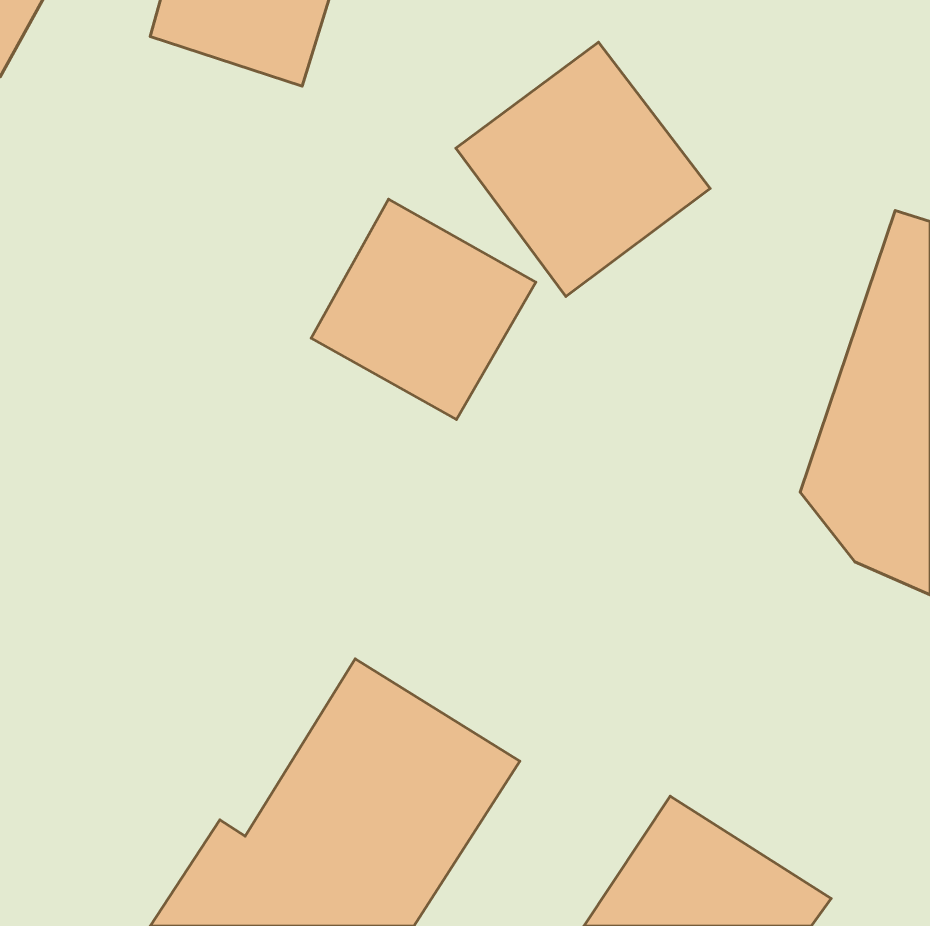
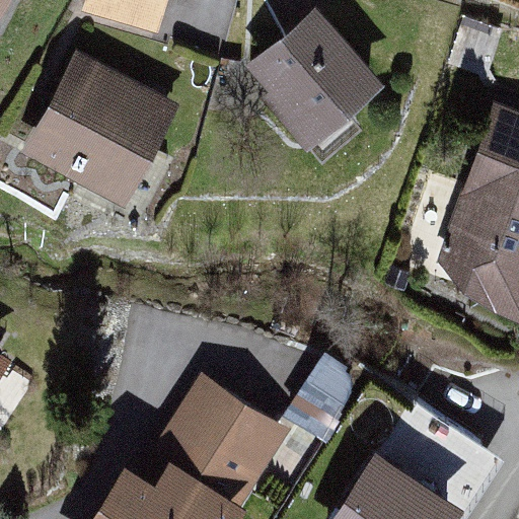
building: none -> [33,64,190,215]
building: [311,199,536,420] -> none

